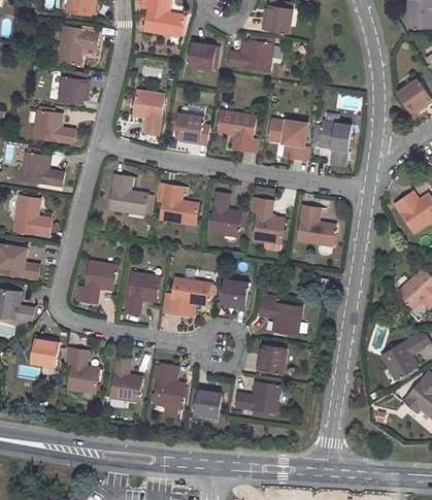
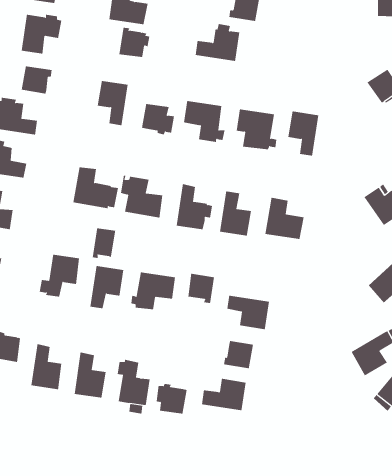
building: [189,40,220,70] -> [119,27,150,58]
building: none -> [92,228,116,259]

